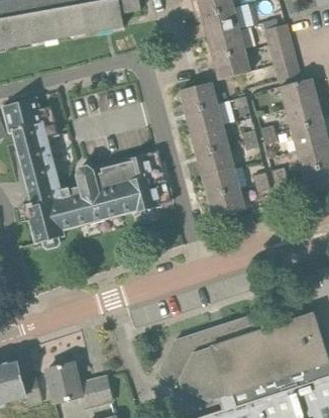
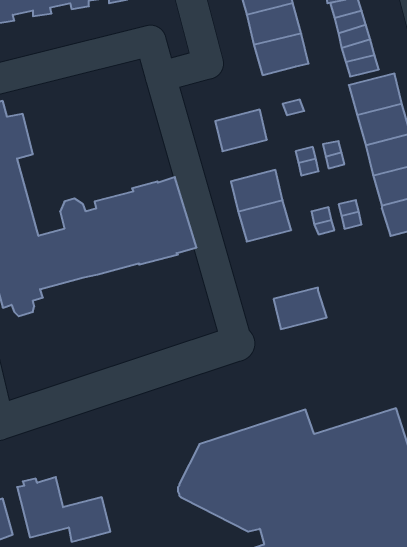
building: [179,81,216,111] -> none
building: [190,124,227,153] -> none
building: [207,188,244,217] -> [274,288,327,329]

